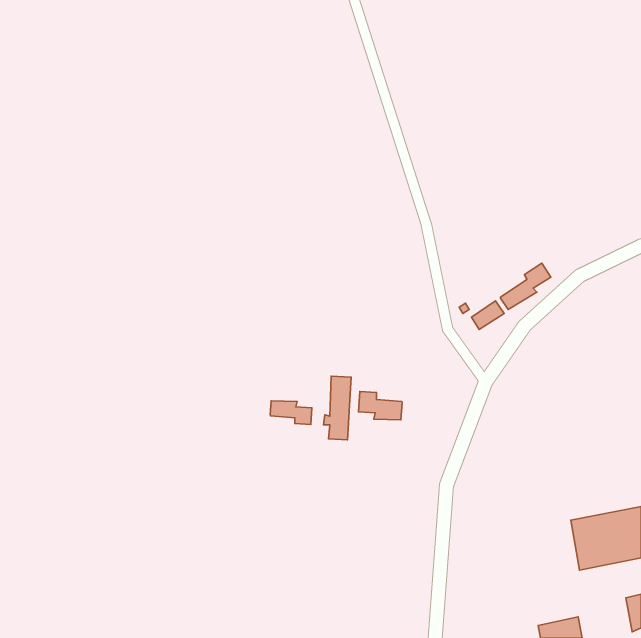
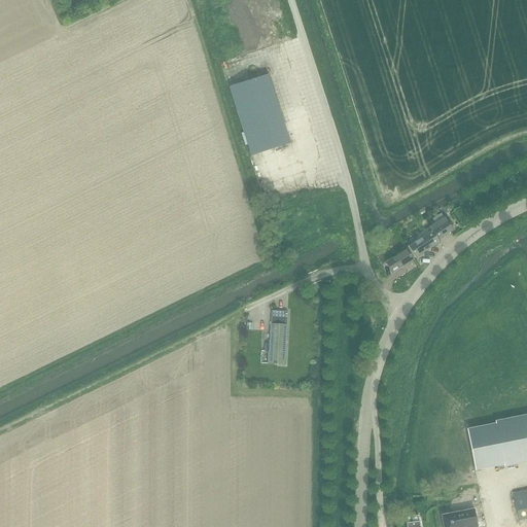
building: none -> [230,72,291,153]
building: [359,391,402,420] -> none
building: [270,401,312,424] -> none

